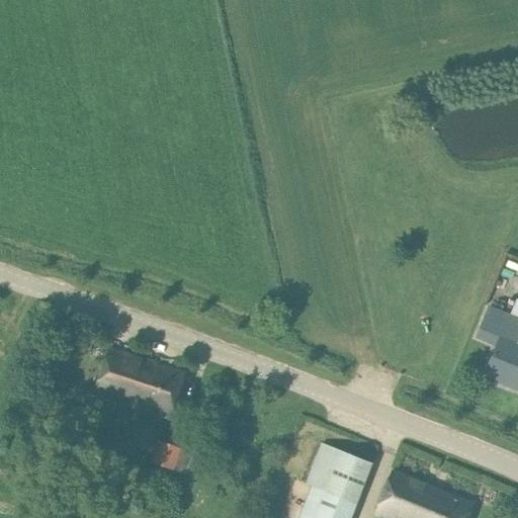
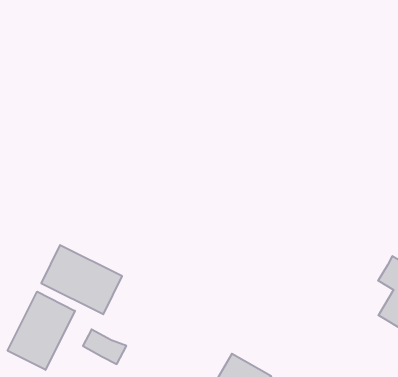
building: none -> [8,292,75,370]

